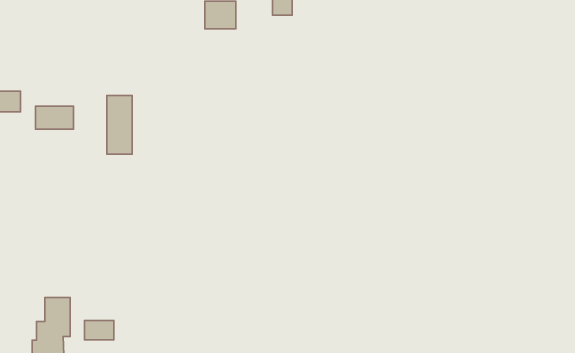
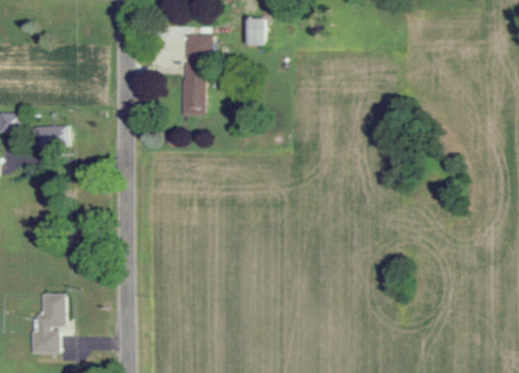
building: [107,96,132,154] -> [183,63,206,115]
building: [85,321,114,340] -> none

